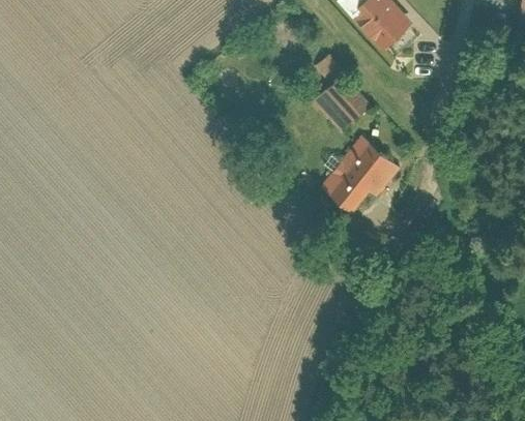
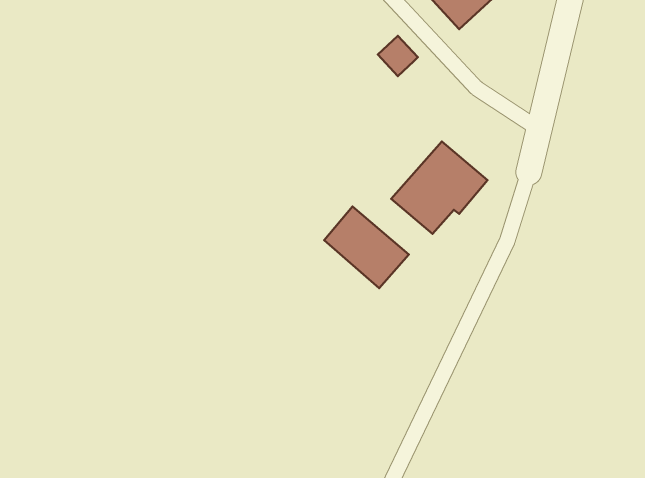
building: [325,77,367,120] -> none
building: none -> [324,207,409,288]

